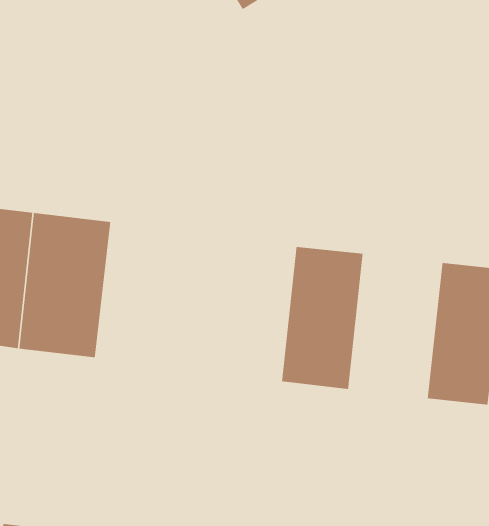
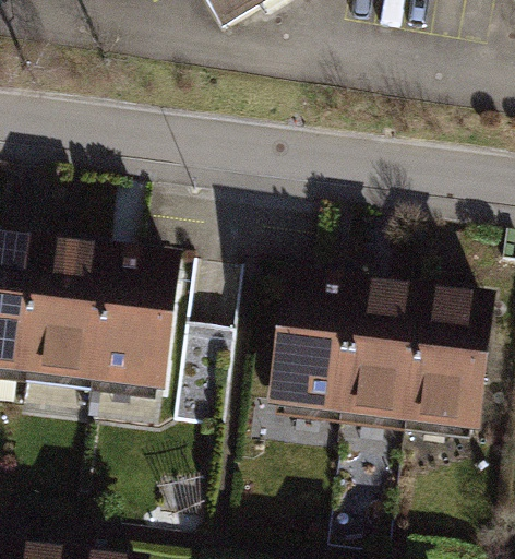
building: none -> [96,252,171,391]
building: none -> [340,283,430,424]

